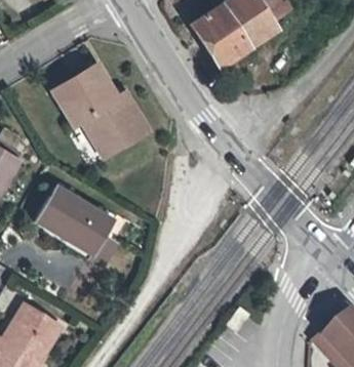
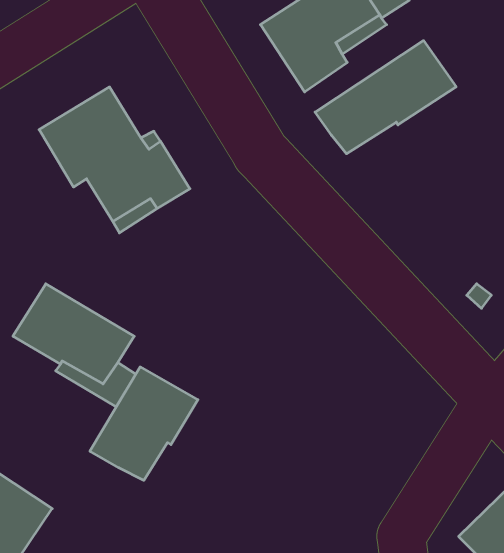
building: none -> [315,41,456,154]
building: none -> [90,367,198,480]

